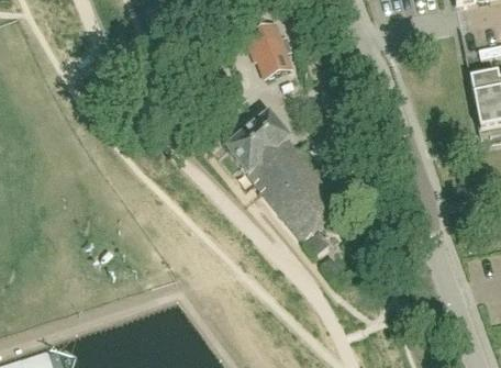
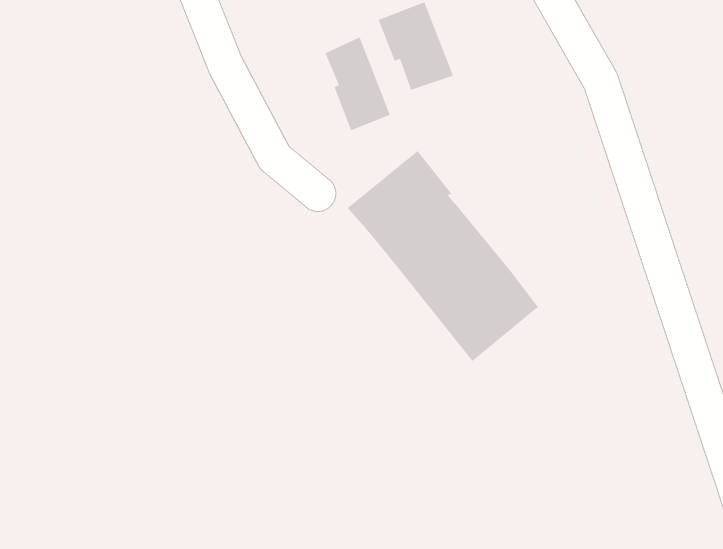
building: none -> [325,37,391,131]

